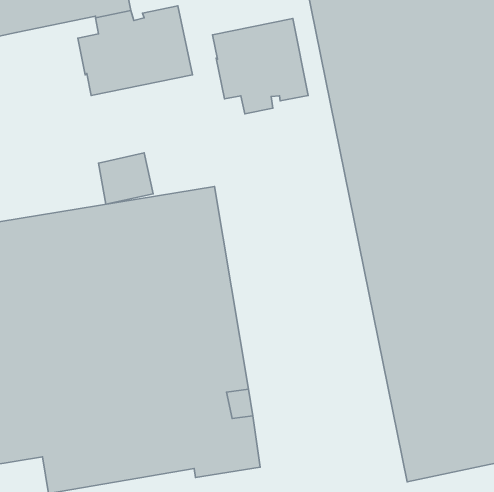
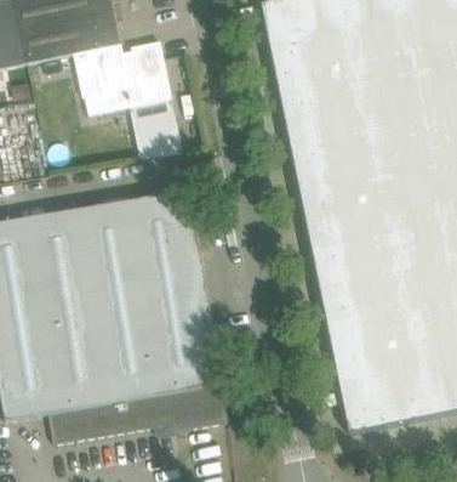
building: [213,18,308,114] -> none
building: [99,153,153,204] -> [133,117,178,159]

